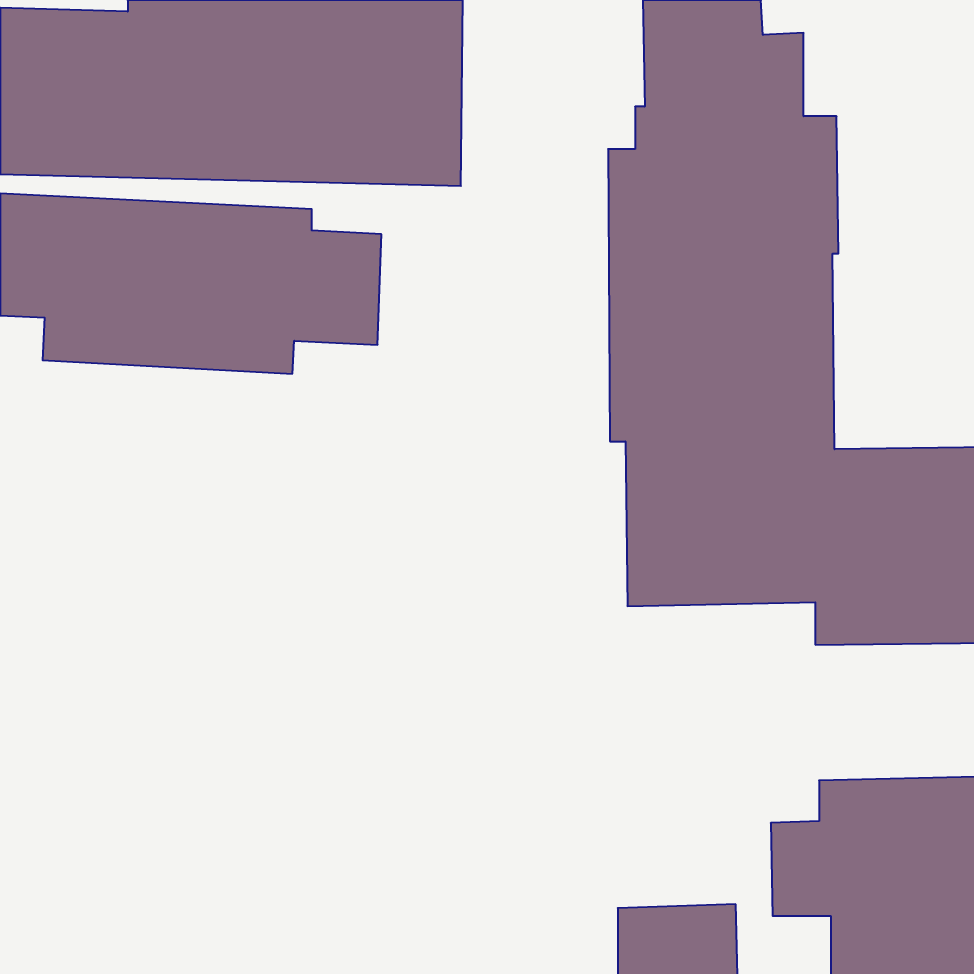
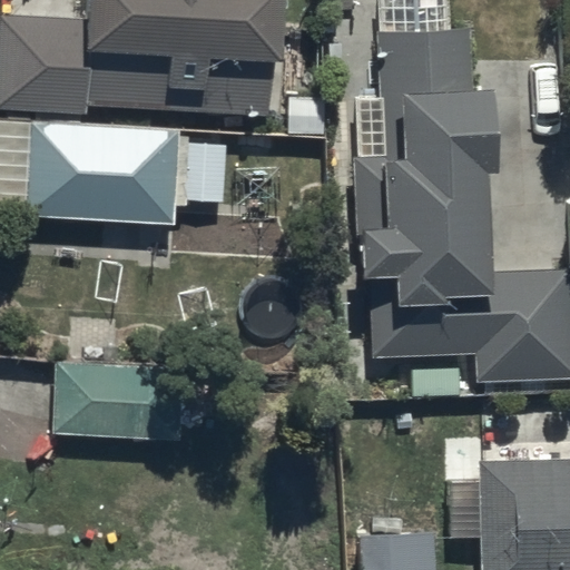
building: none -> [51,364,174,438]

